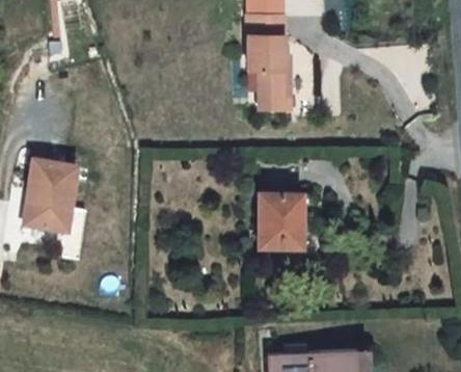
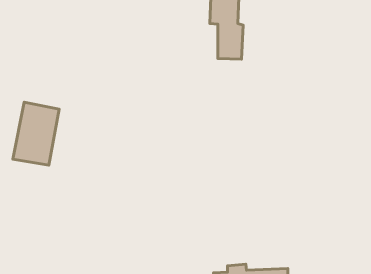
building: [264,196,307,251] -> none

